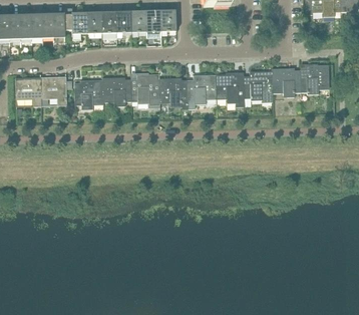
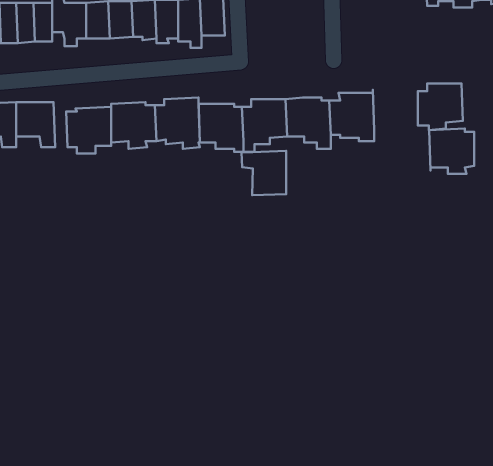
building: [272,67,301,96] -> [429,129,474,174]
building: none -> [242,151,286,195]

